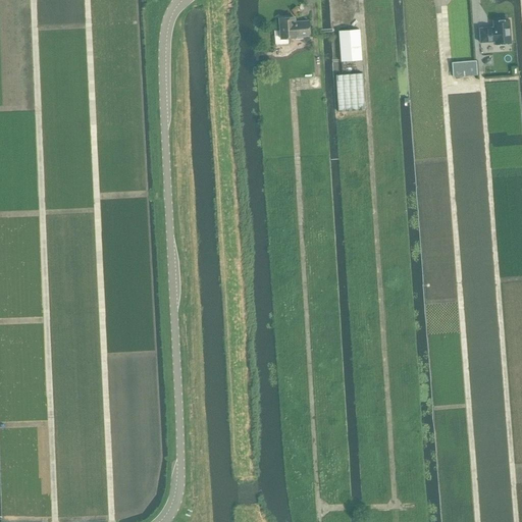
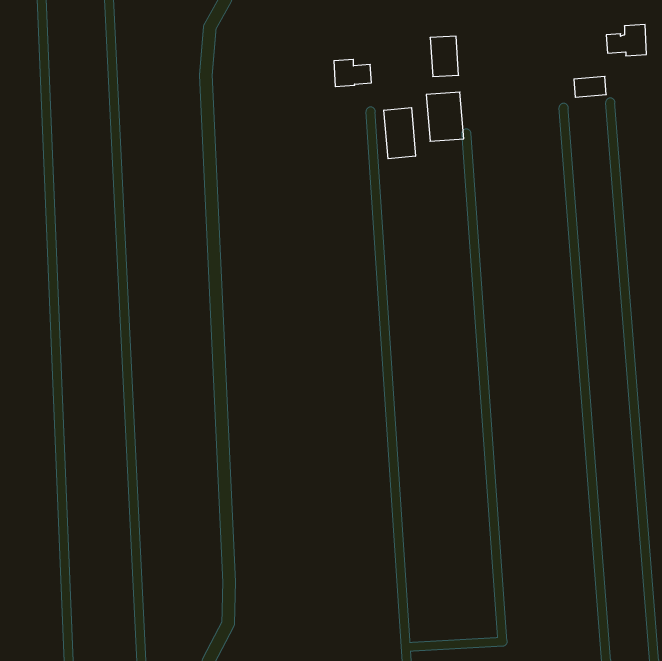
building: [279,16,309,38] -> [334,59,371,87]
building: none -> [384,108,415,159]

